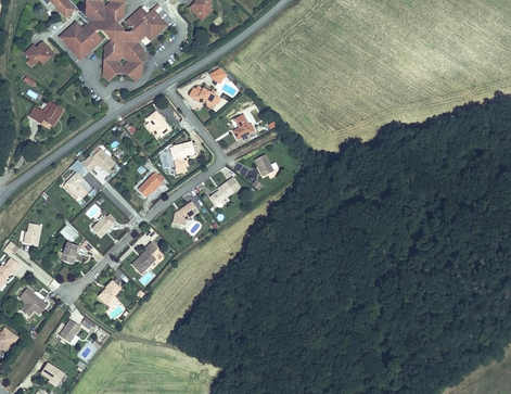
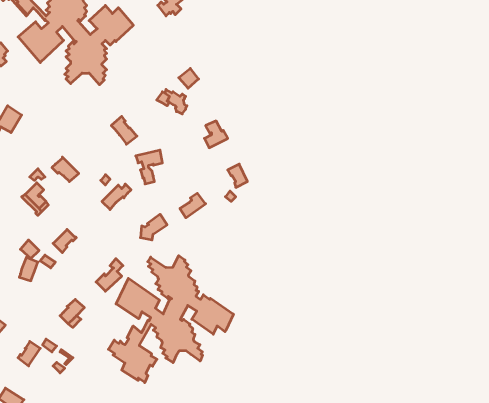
building: none -> [108,256,233,383]

